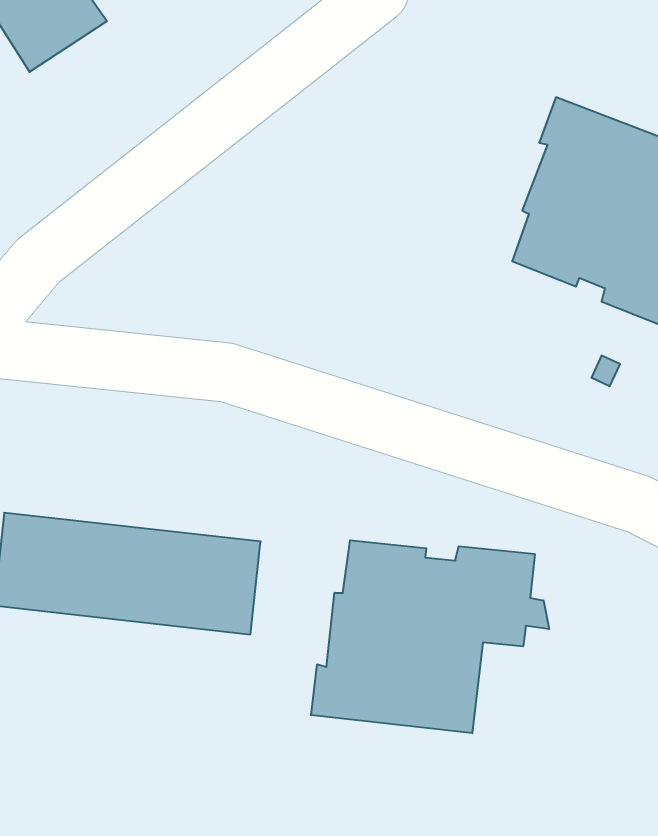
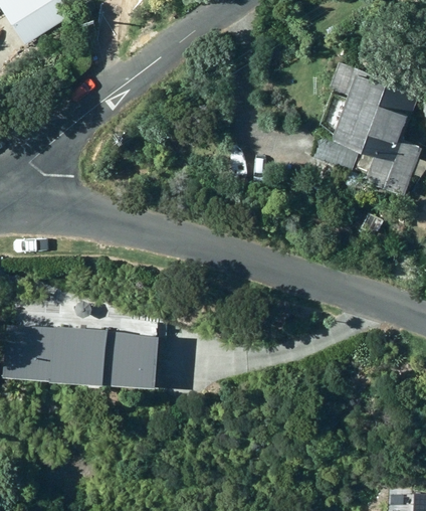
building: [311,540,549,733] -> none

